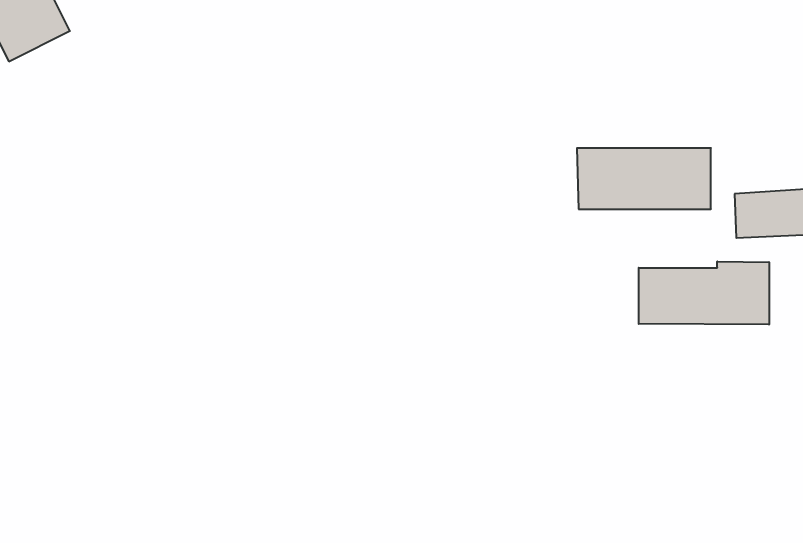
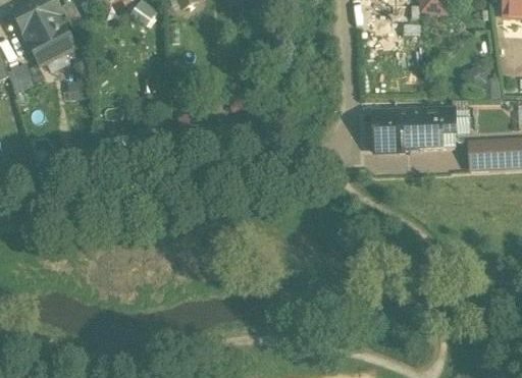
building: [639,261,769,325] -> none

